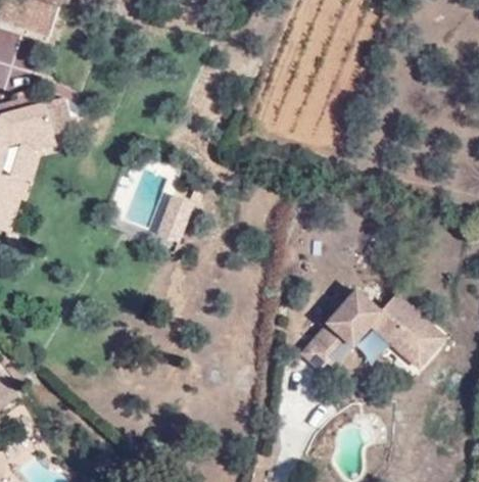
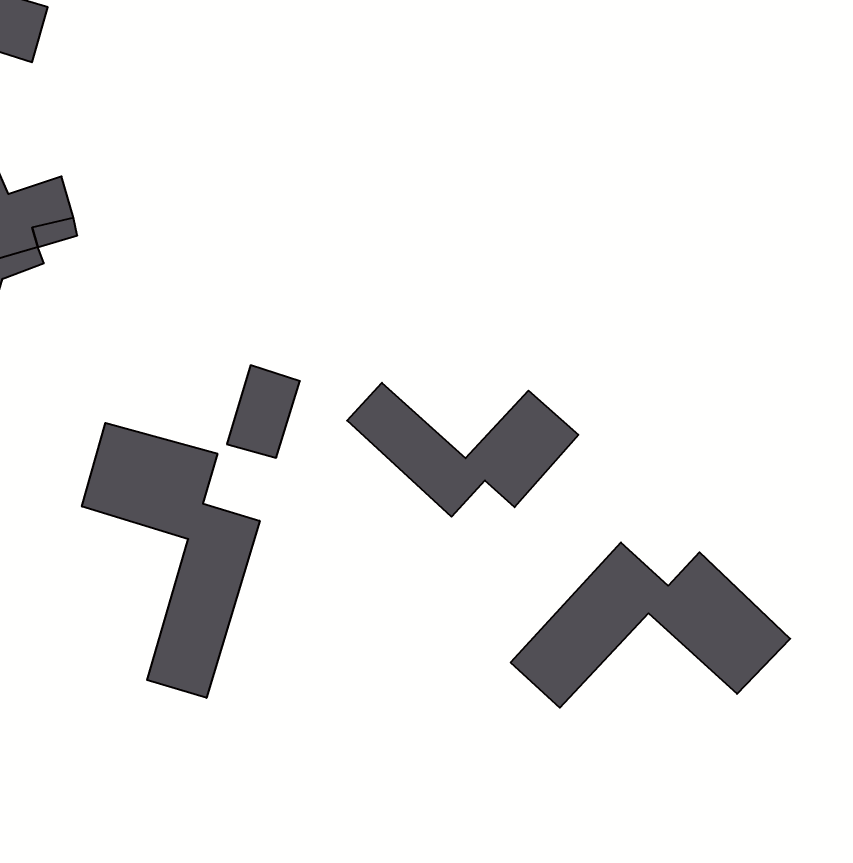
building: none -> [347,383,578,517]
building: none -> [82,423,260,698]

